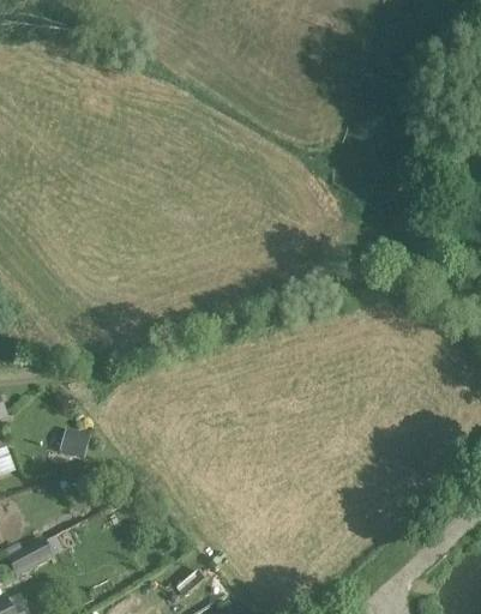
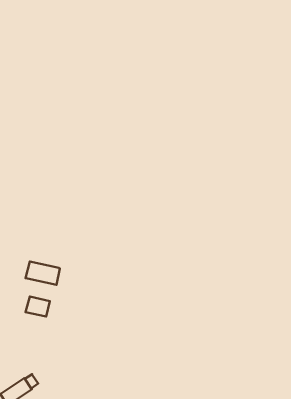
building: none -> [26,262,60,285]

